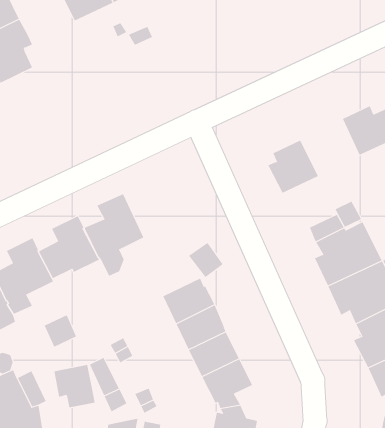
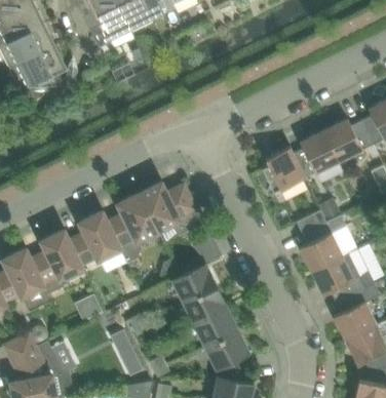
building: none -> [288,130,338,178]
building: none -> [140,183,197,234]
building: [54,364,95,408] -> none

